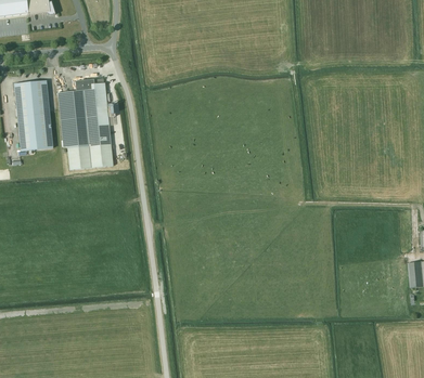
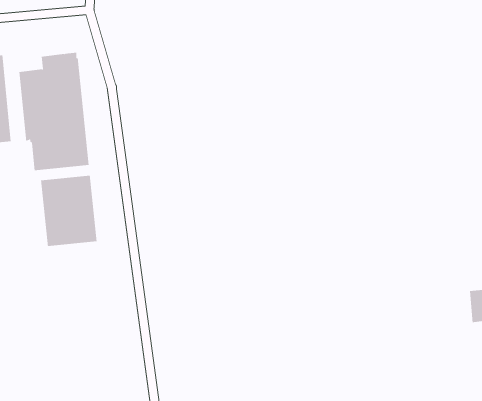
building: none -> [40,175,97,247]

